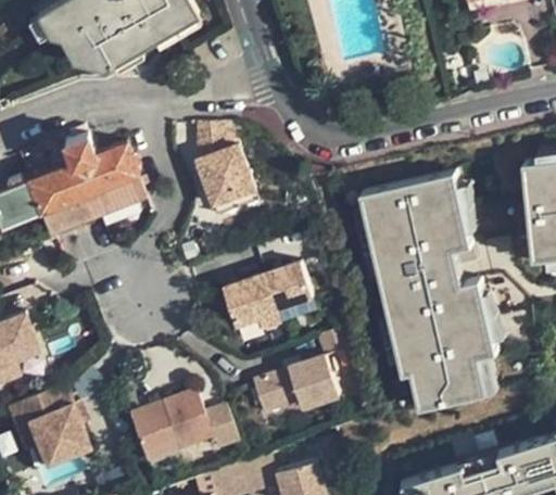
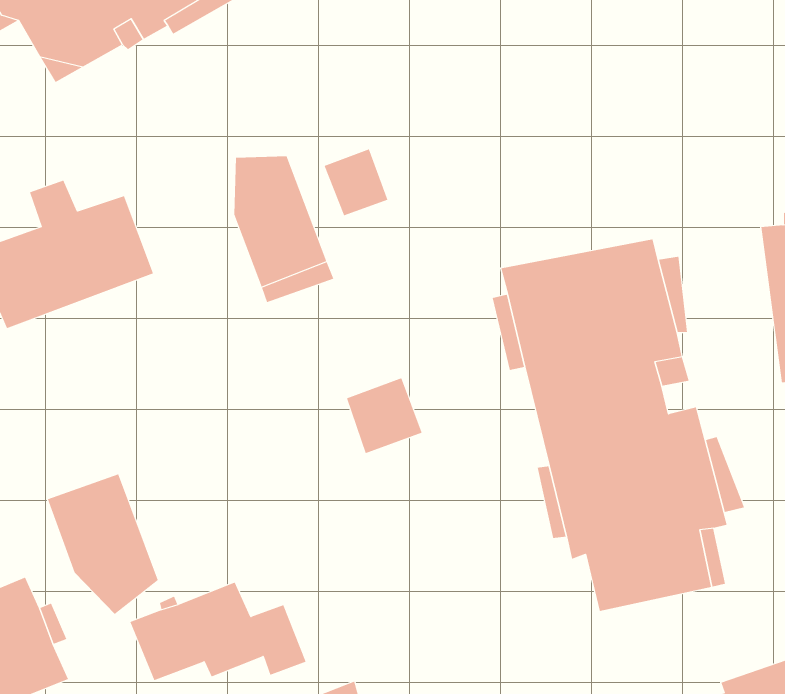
building: none -> [324,149,388,216]
building: [223,275,281,329] -> none
building: [253,318,358,414] -> none
building: none -> [47,473,158,615]

